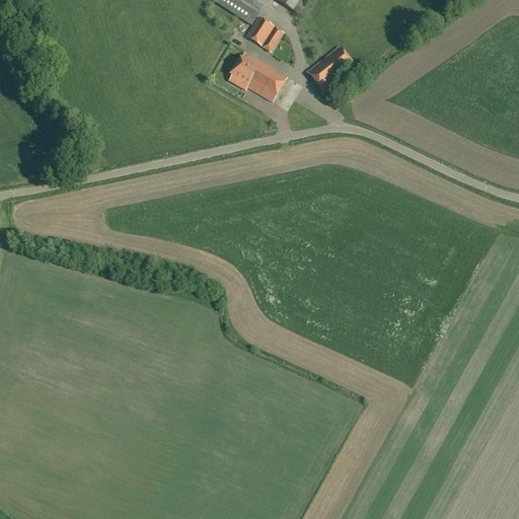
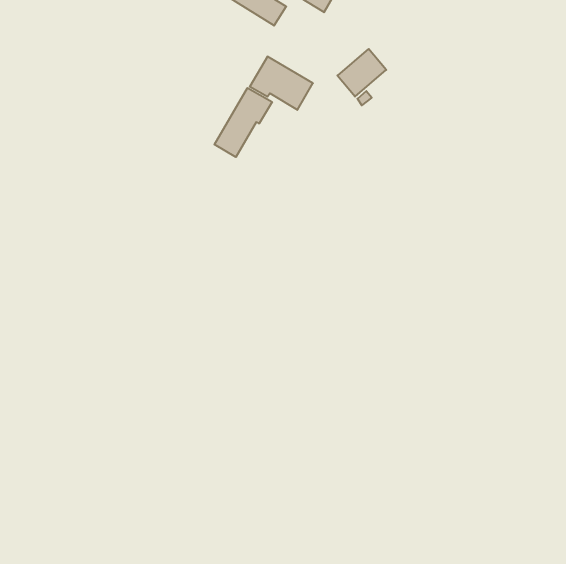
building: [245,15,283,51] -> none
building: none -> [214,88,272,157]

